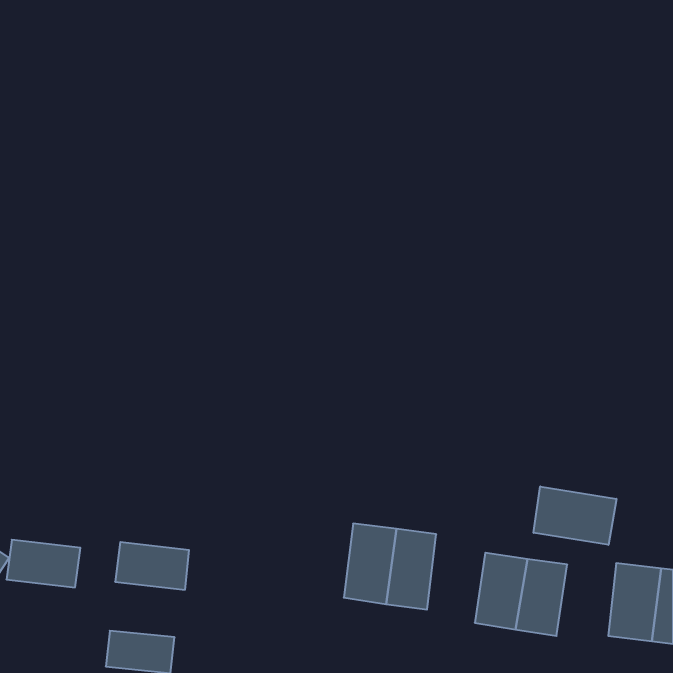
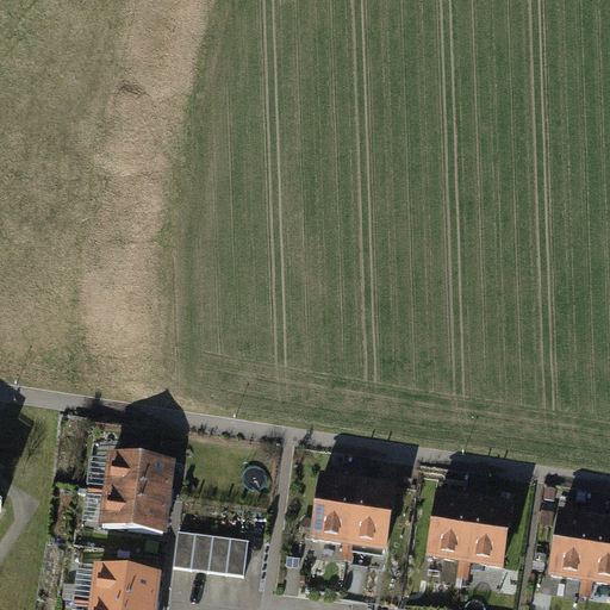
building: [534,486,616,545] -> none
building: [6,540,80,587] -> [108,453,175,496]
building: none -> [174,531,249,578]

